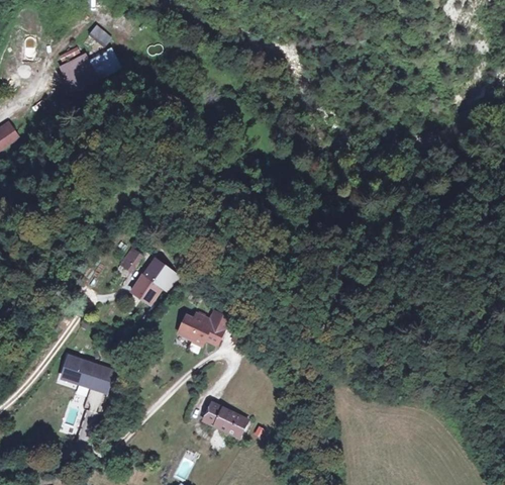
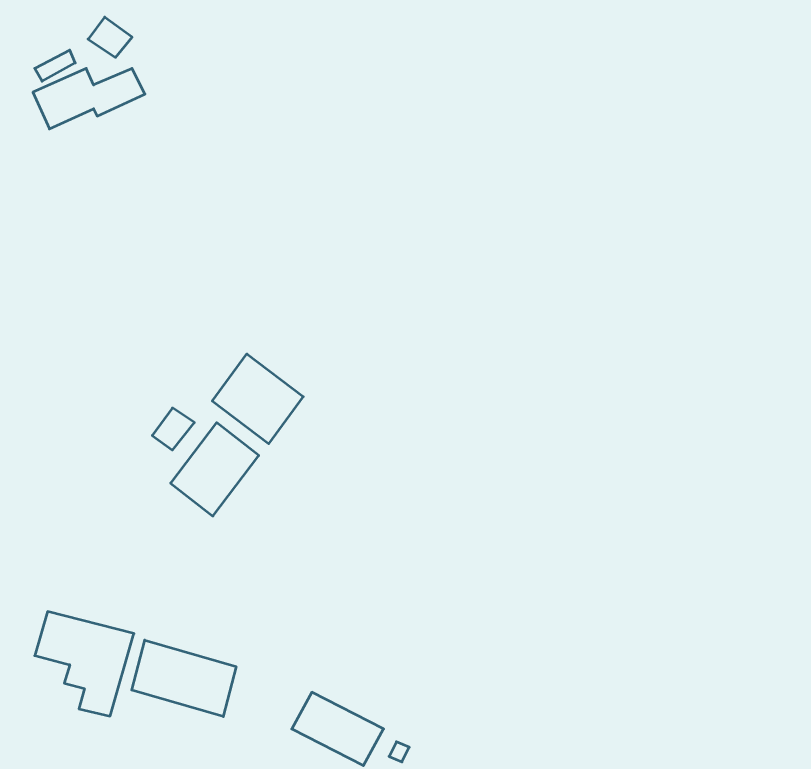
building: none -> [212,354,303,444]
building: [175,306,230,350] -> none
building: none -> [132,640,236,717]

